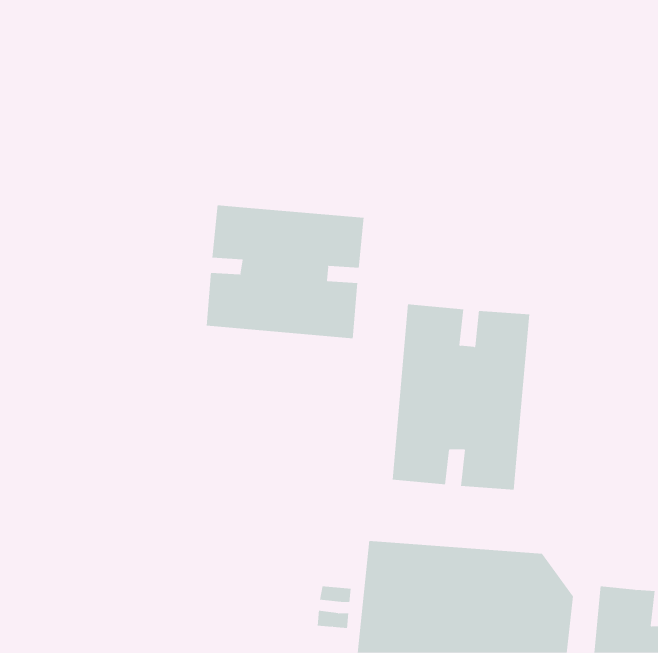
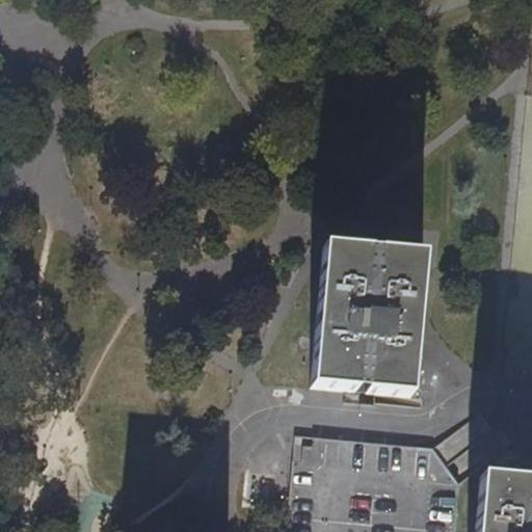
building: [206,204,364,339] -> none

